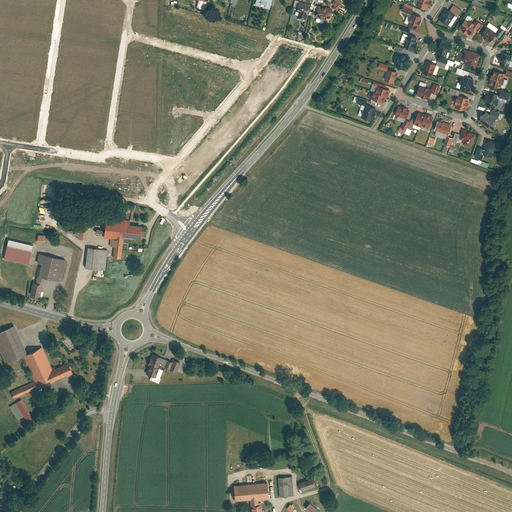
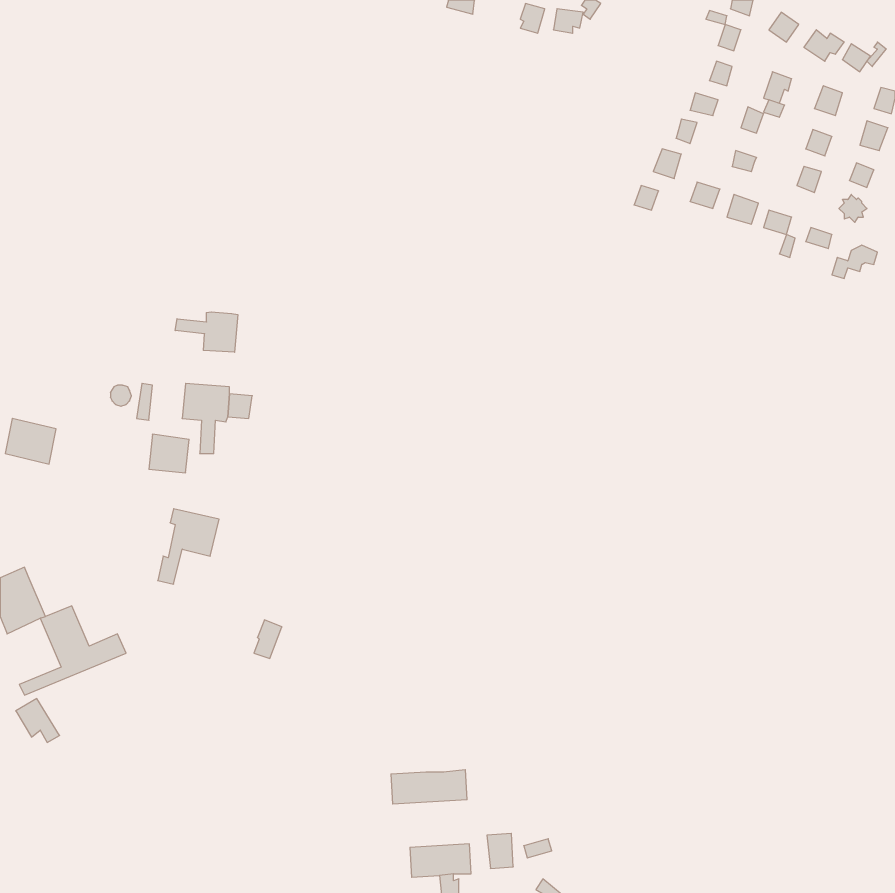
building: none -> [175,312,238,352]
building: [30,256,65,299] -> [158,509,219,584]
building: none -> [391,770,467,804]

